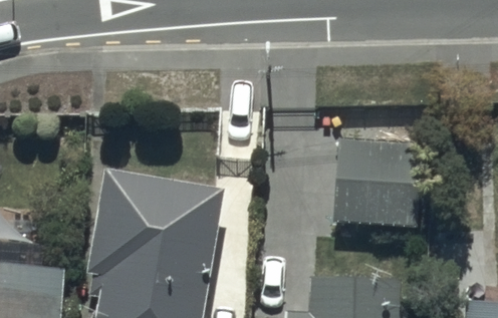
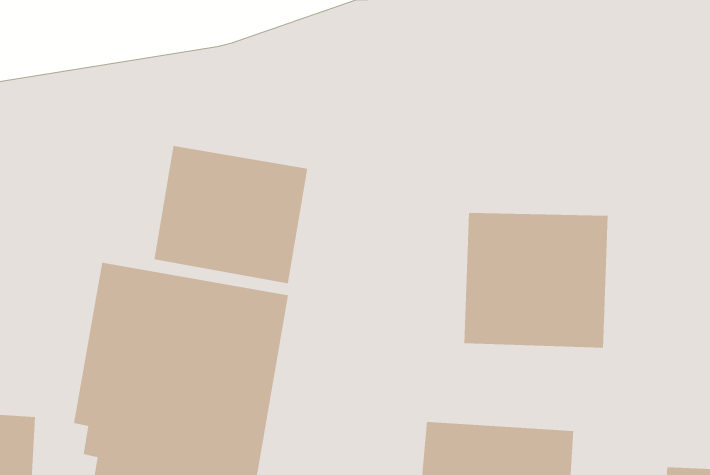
building: none -> [154,145,308,284]

